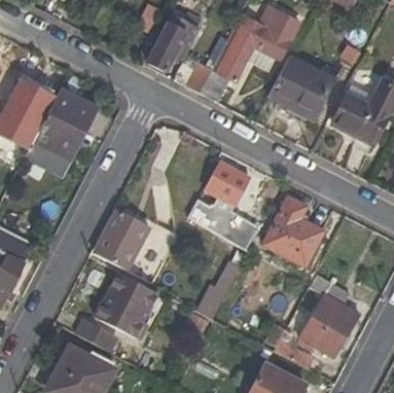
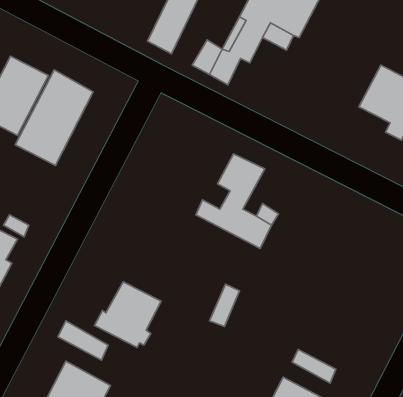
building: [270,58,333,118] -> none
building: [264,198,323,265] -> none
building: [95,209,150,270] -> none
building: [299,273,359,359] -> none

